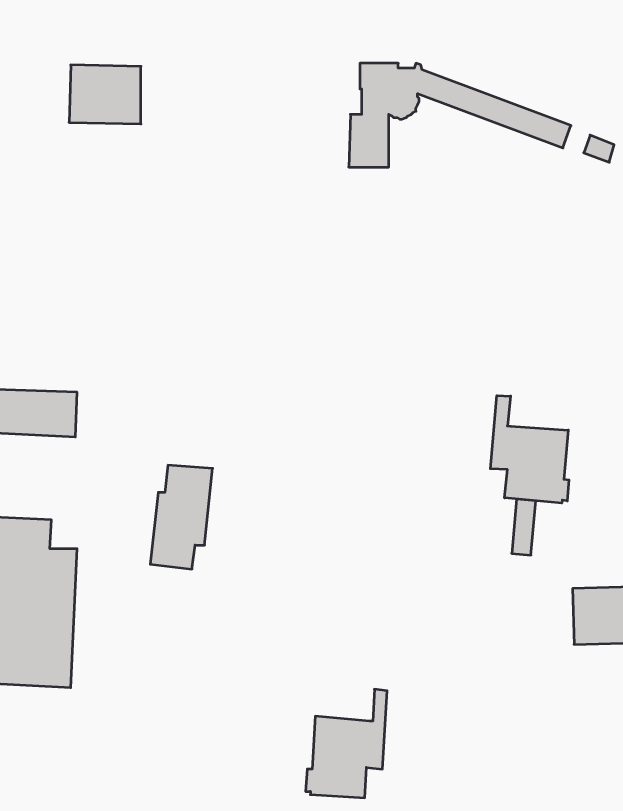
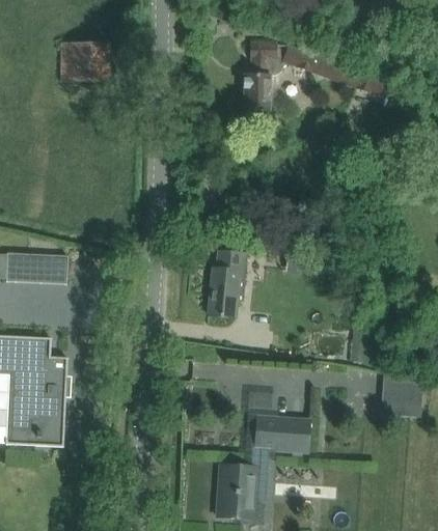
building: [490,396,569,503] -> none
building: [150,465,213,569] -> [207,250,247,317]
building: none -> [256,419,308,451]

